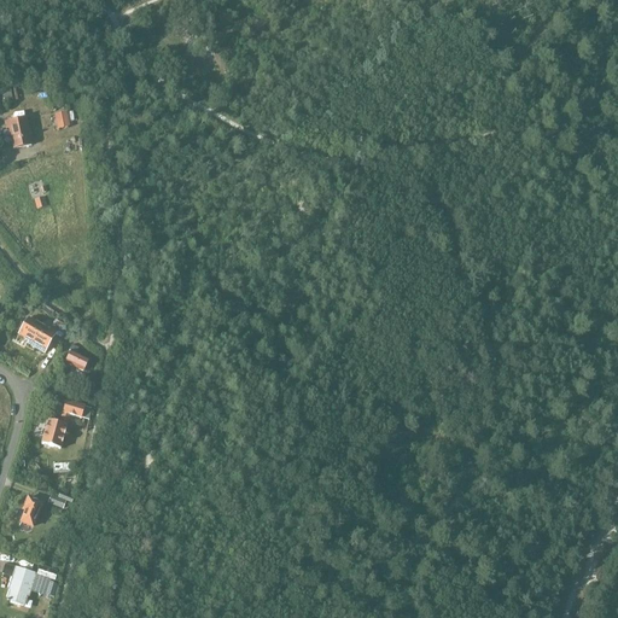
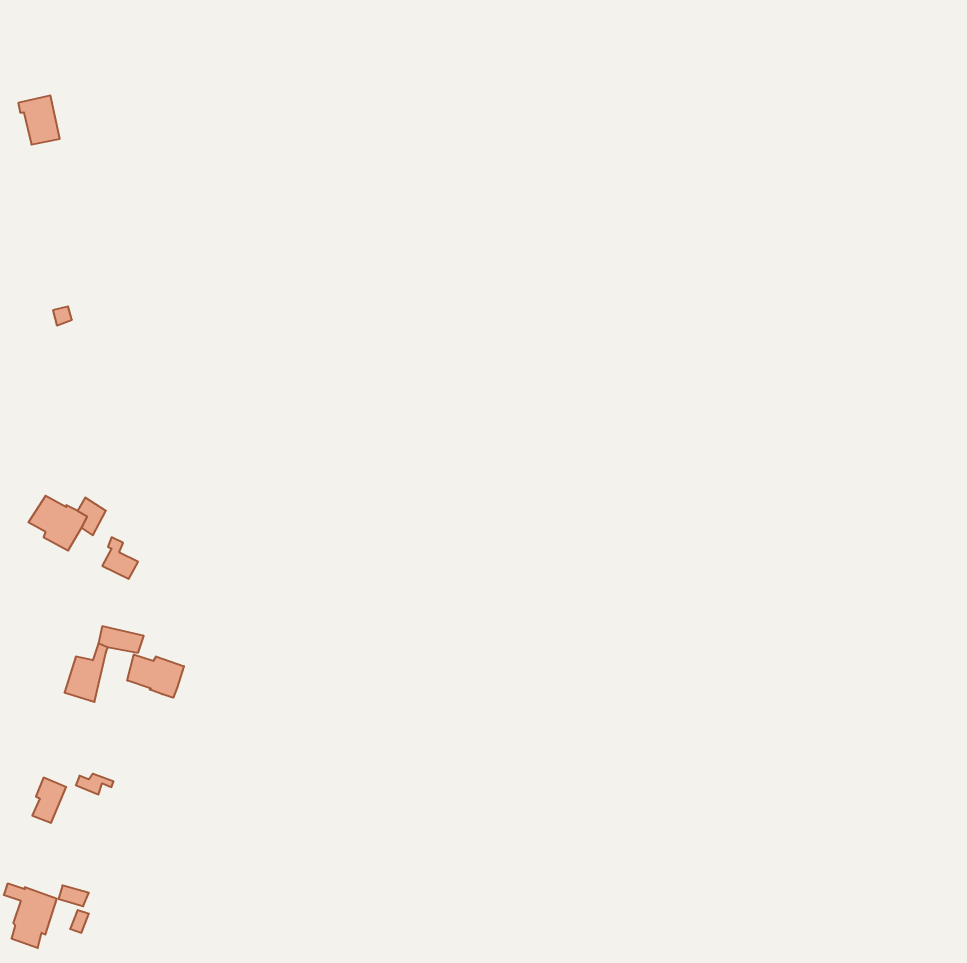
building: [5,116,31,147] -> [18,95,60,145]
building: none -> [127,654,184,698]

